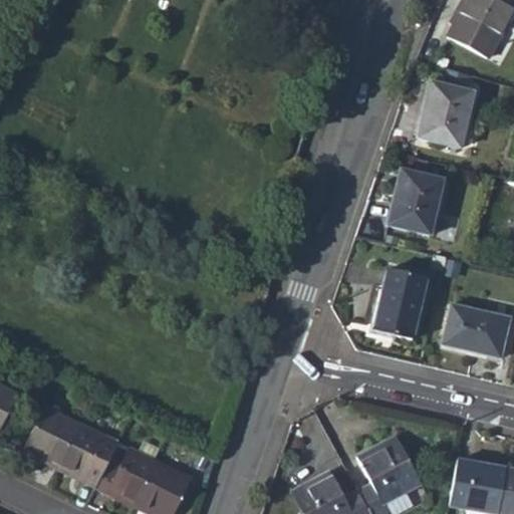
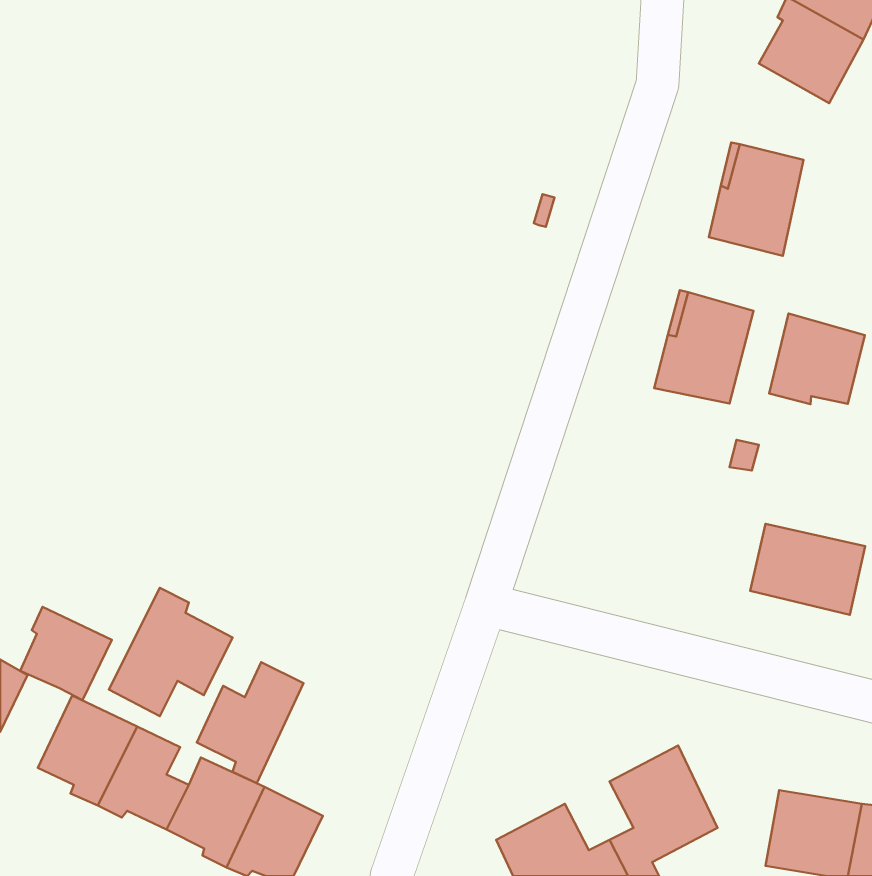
building: none -> [769,313,865,404]
building: [373,273,426,339] -> none
building: none -> [109,588,232,716]
building: none -> [20,607,112,700]
building: none -> [197,662,304,783]

